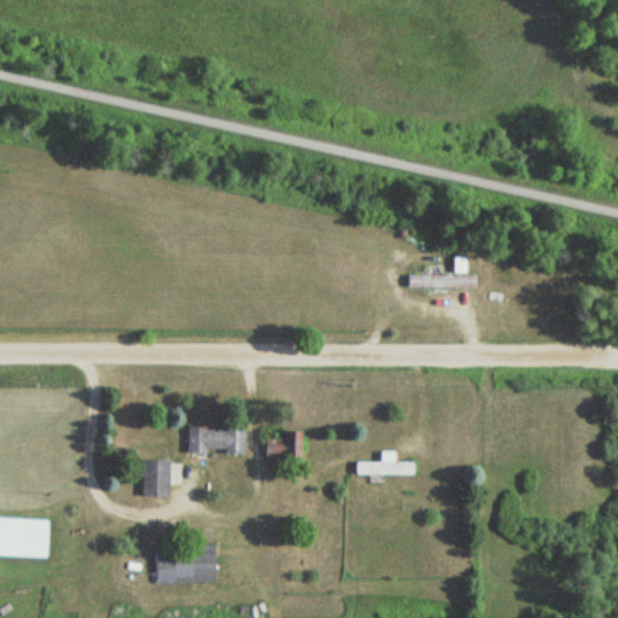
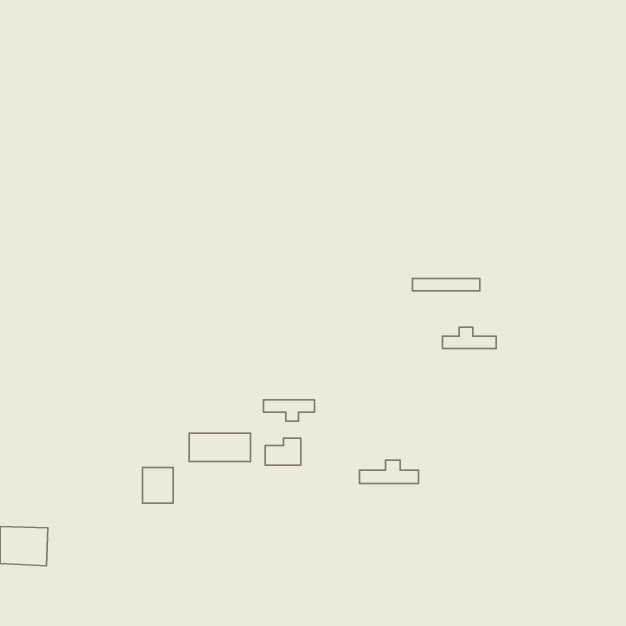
building: none -> [442,327,496,348]
building: none -> [264,400,315,421]
building: [157,544,215,582] -> none

